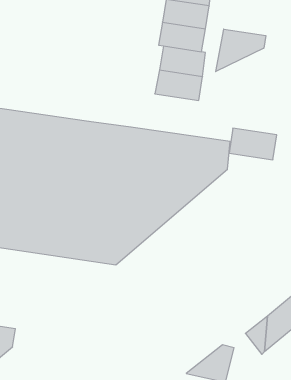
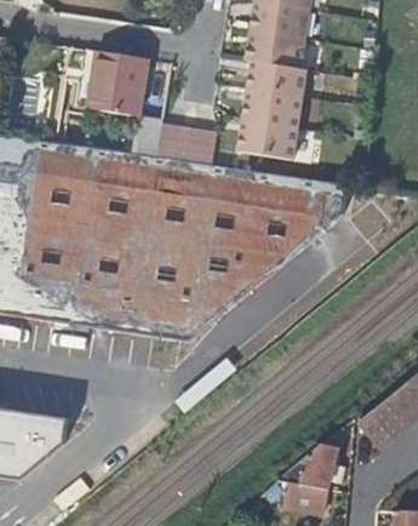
building: [216,29,266,72] -> none
building: none -> [85,50,145,116]
building: none -> [158,118,217,164]
building: [229,128,277,160] -> [236,121,297,161]

